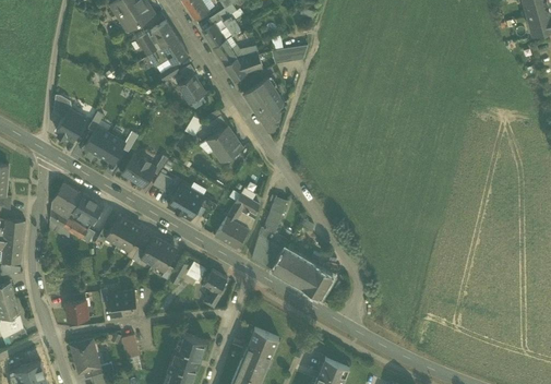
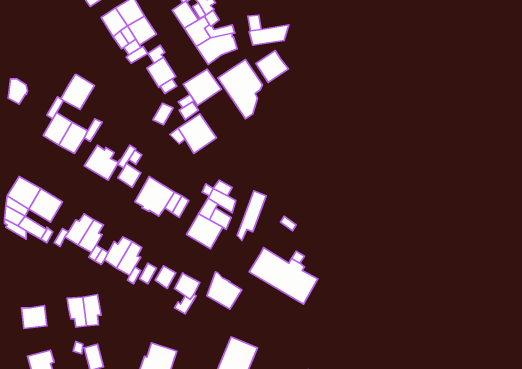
building: none -> [256,50,289,82]
building: none -> [183,69,221,106]
building: [56,108,86,140] -> [61,75,95,110]
building: [251,235,283,268] -> [207,272,242,309]

